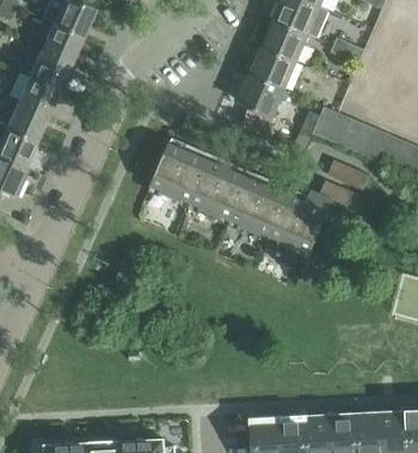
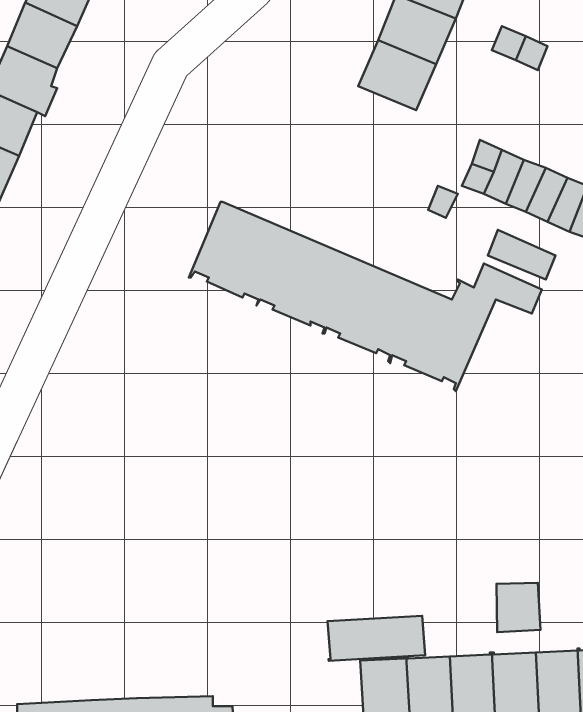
building: [239,73,285,128] -> none
building: none -> [496,583,541,632]
building: none -> [328,616,425,661]

